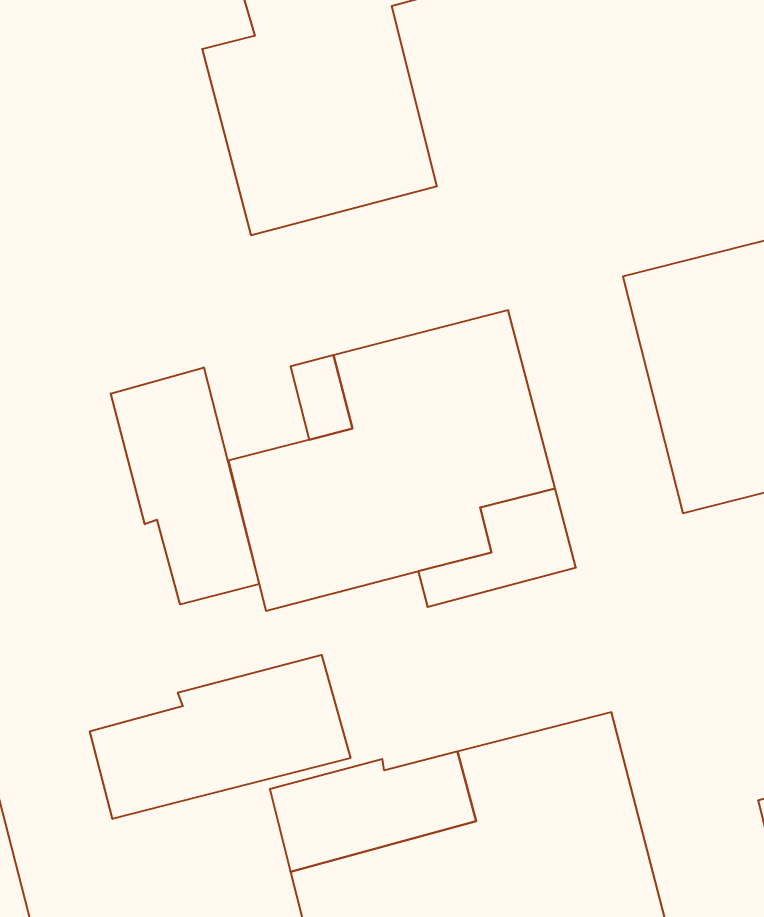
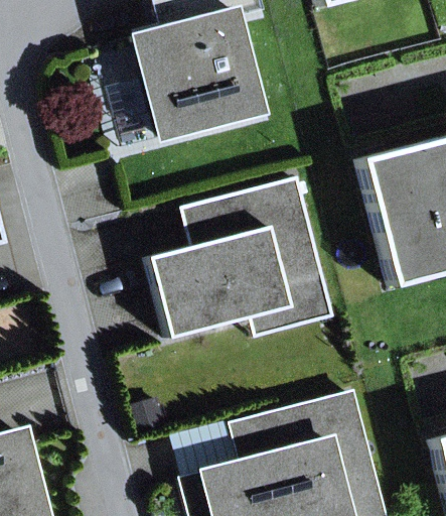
building: [111,367,259,604] -> none
building: [90,655,350,819] -> none

